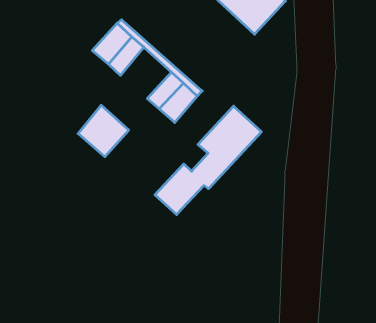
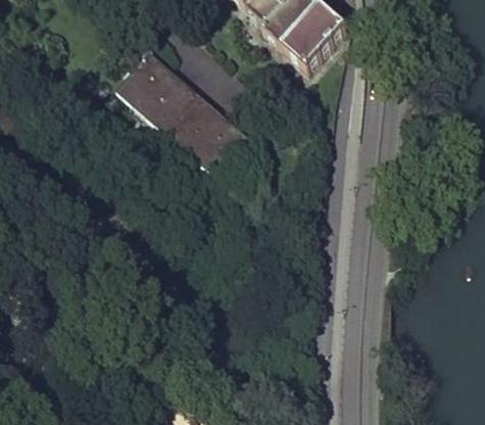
building: [78,105,129,157] -> [144,80,204,141]
building: [155,106,261,215] -> none

